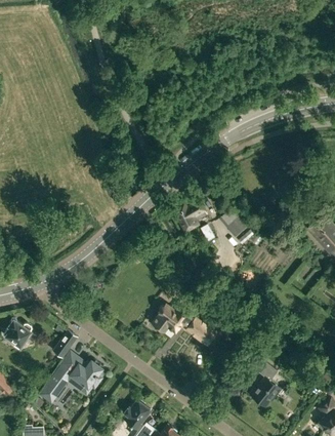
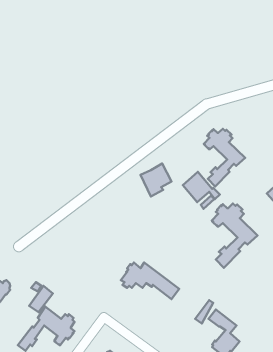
building: none -> [204,129,245,186]
building: none -> [212,204,257,268]

